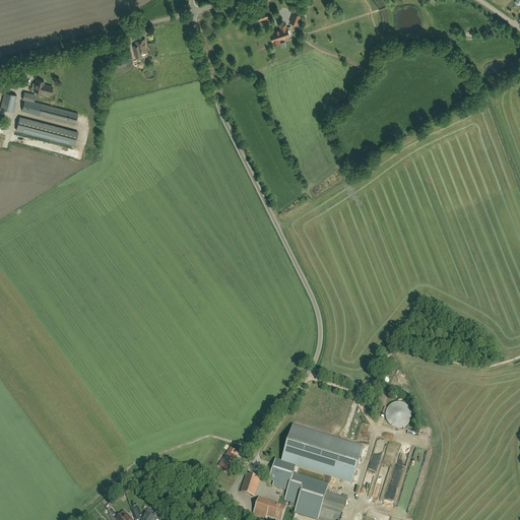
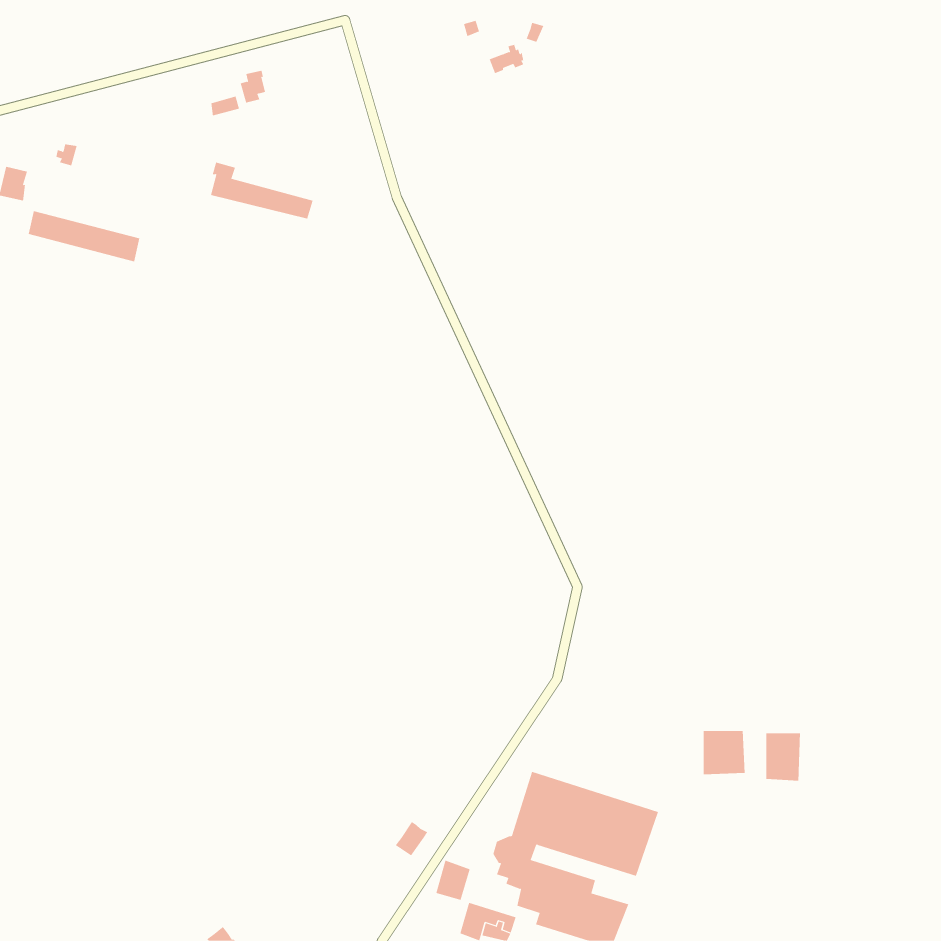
building: [20,91,77,123] -> [210,162,313,219]
building: none -> [766,733,800,782]

